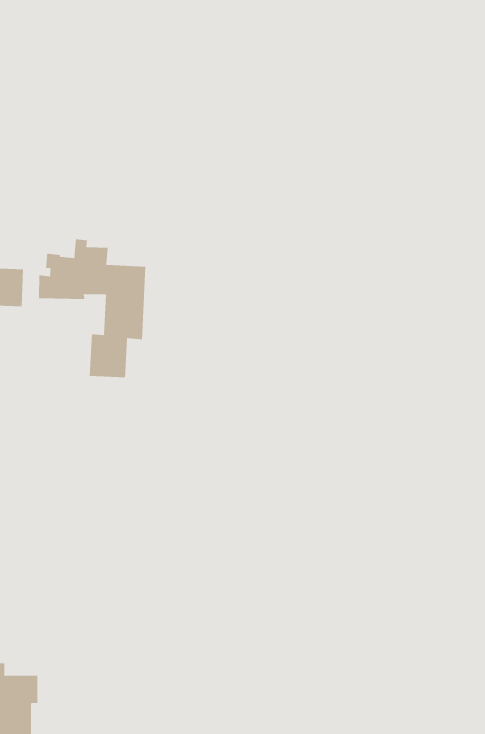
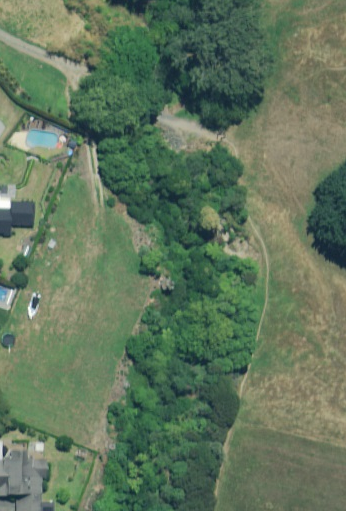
building: [38,239,146,378] -> none

